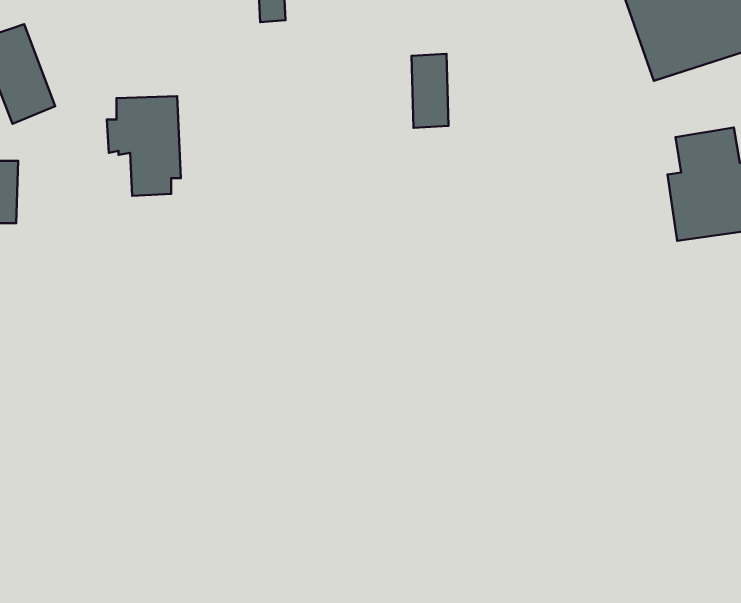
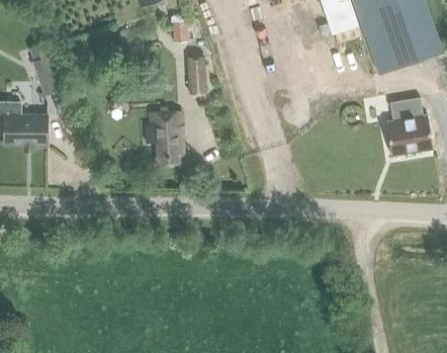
building: [411,54,448,128] -> [187,56,206,94]
building: [107,96,181,196] -> [146,112,184,164]

